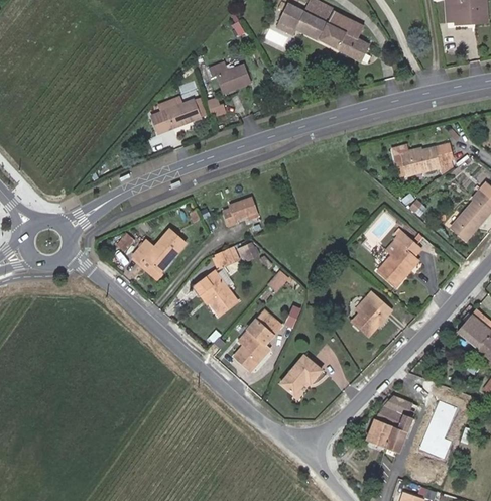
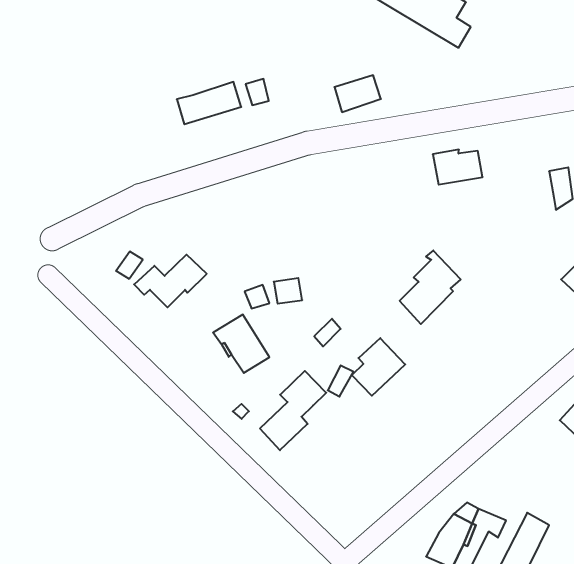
building: [216,65,251,94] -> [334,75,381,112]
building: [401,147,440,174] -> [433,150,483,185]
building: [224,198,256,225] -> none
building: [378,231,422,286] -> [400,250,461,324]
building: [352,292,391,336] -> [352,338,405,396]
building: [280,355,322,395] -> none

